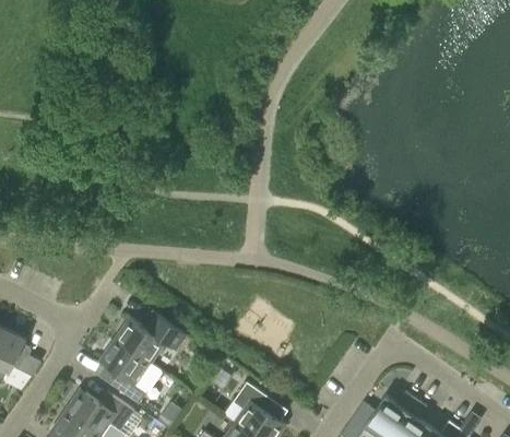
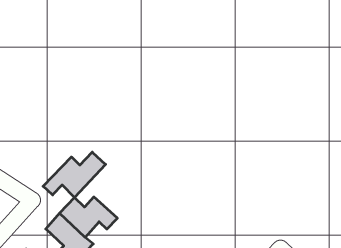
building: none -> [43,152,106,198]

